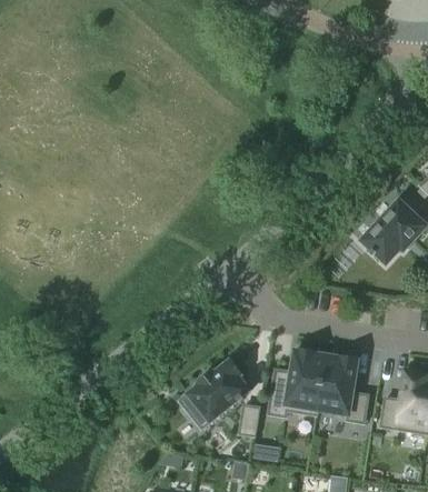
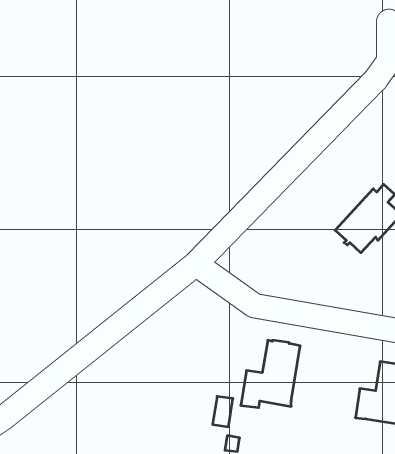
building: [318,357,368,424] -> none
building: [180,361,250,429] -> none

